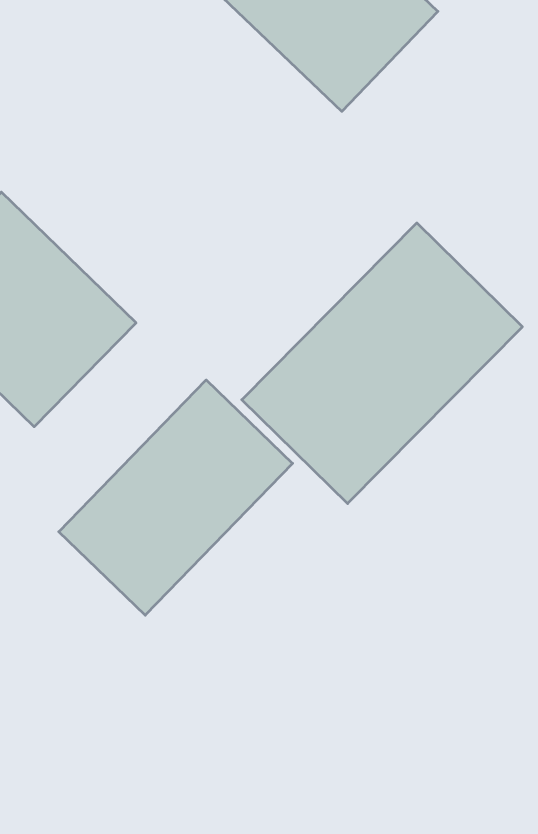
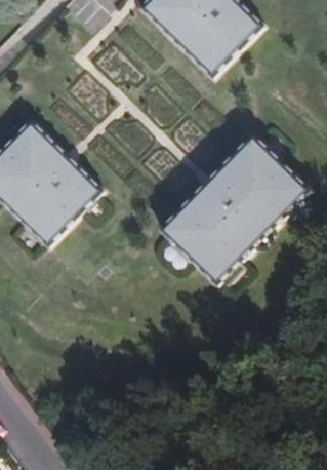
building: [59,380,293,615] -> none

